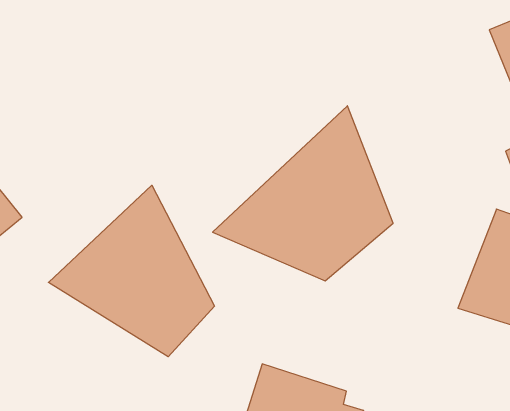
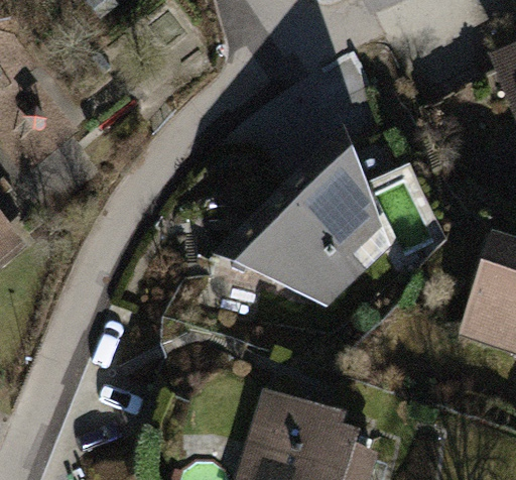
building: [48,185,214,357] -> none

